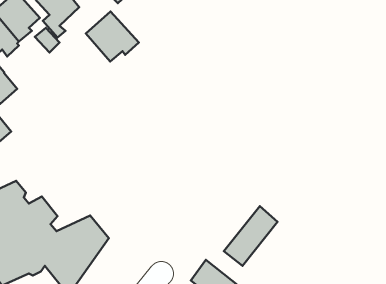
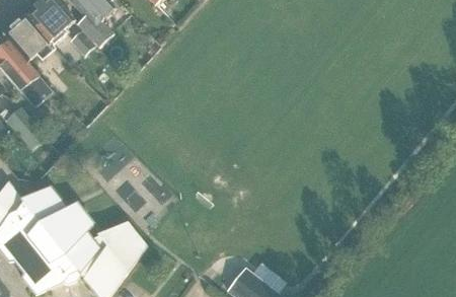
building: [86,12,139,62] -> none
building: [224,206,278,266] -> none

